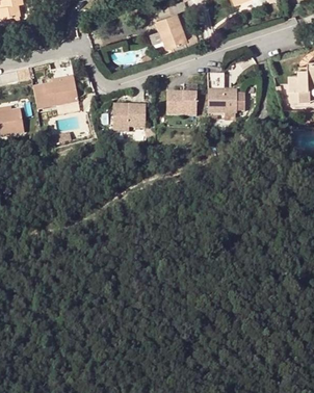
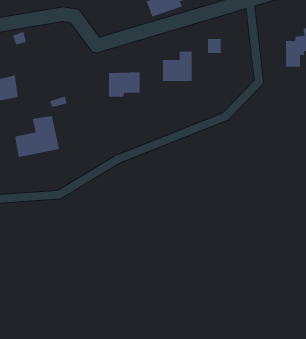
building: [32,67,78,109] -> [14,115,60,158]
building: [207,90,244,112] -> none

